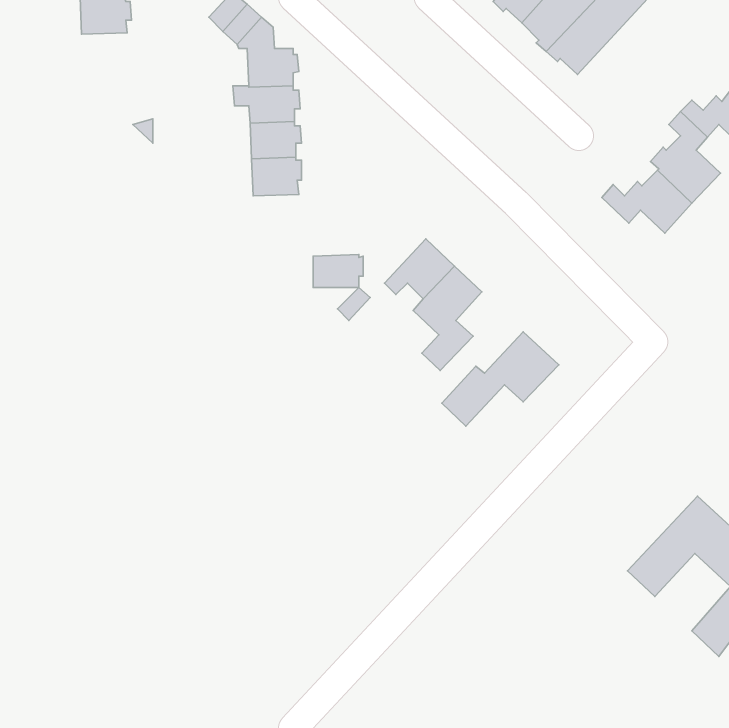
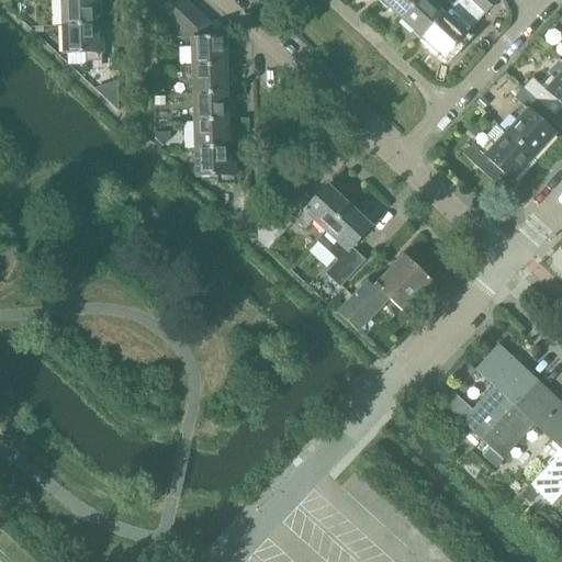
building: none -> [64,25,102,61]
building: [313,255,363,287] -> [195,149,234,175]
building: none -> [445,345,537,438]

